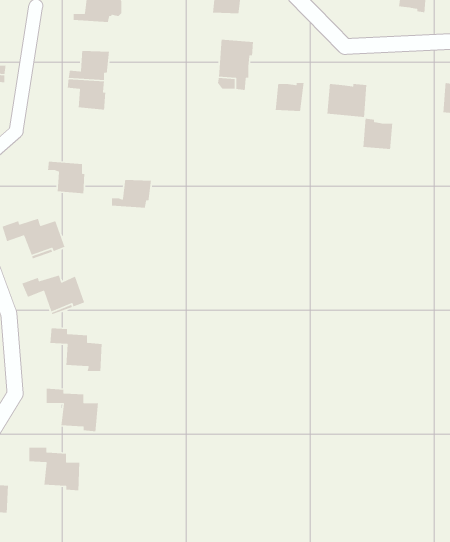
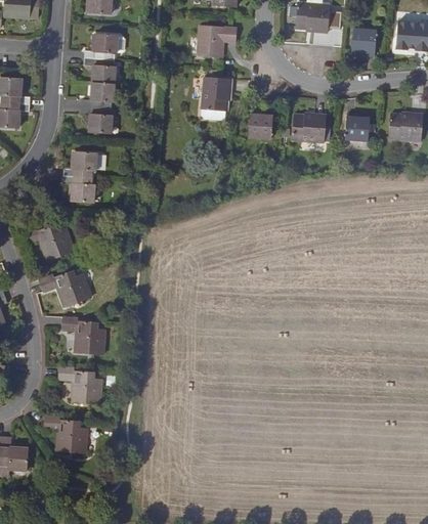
building: none -> [81,61,114,87]
building: [362,118,393,150] -> [345,114,371,140]
building: [111,179,152,209] -> [61,156,95,180]

